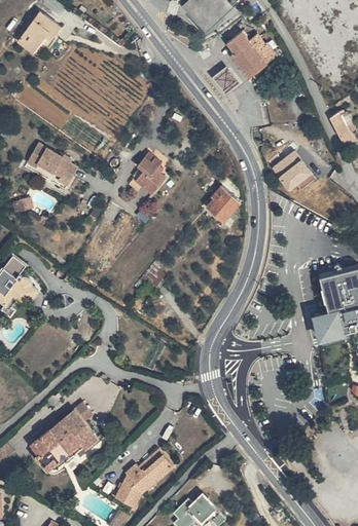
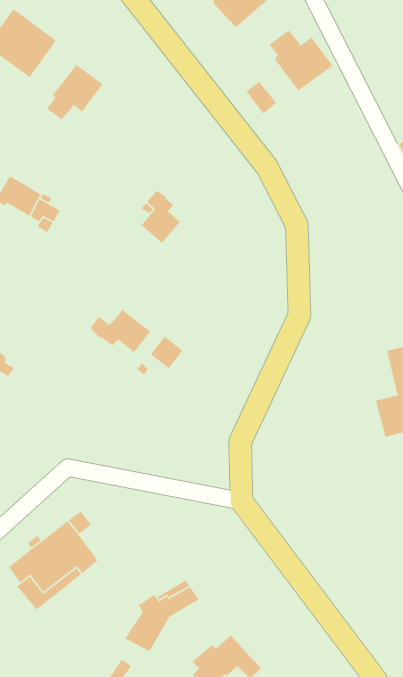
building: none -> [46,64,103,120]
building: [271,151,311,190] -> none
building: [206,182,239,222] -> none
building: none -> [89,309,151,353]

